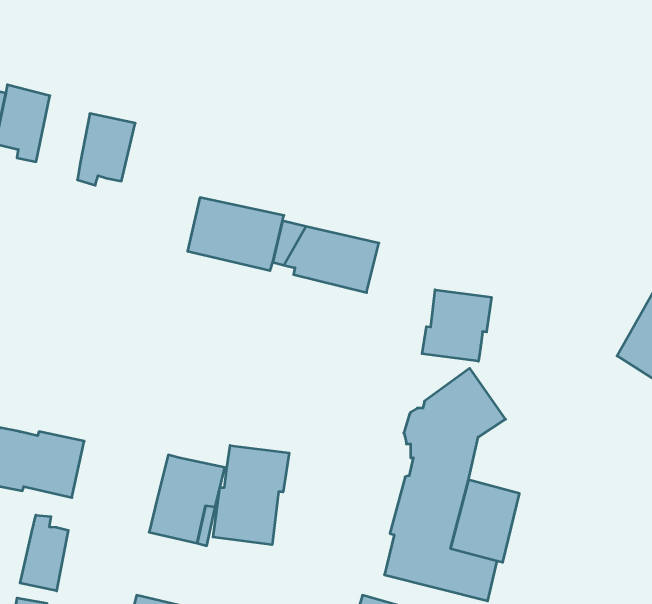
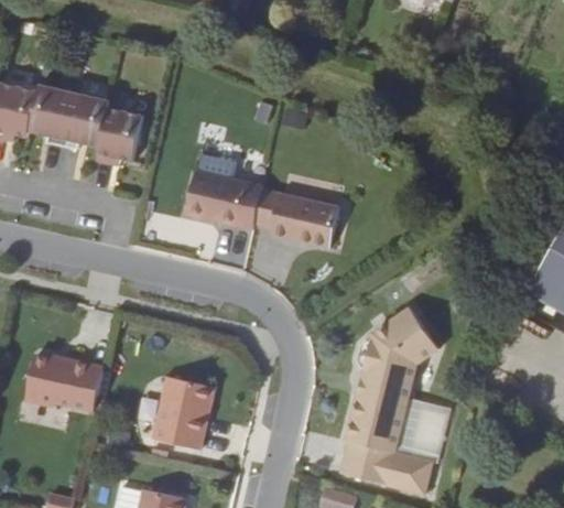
building: none -> [63,89,108,145]
building: [422,290,491,361] -> none
building: [213,445,289,545] -> none
building: [20,515,68,591] -> none

